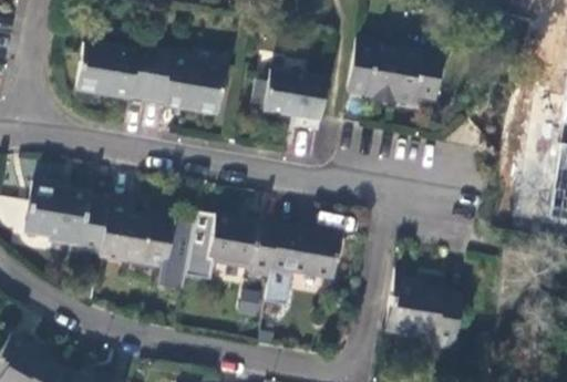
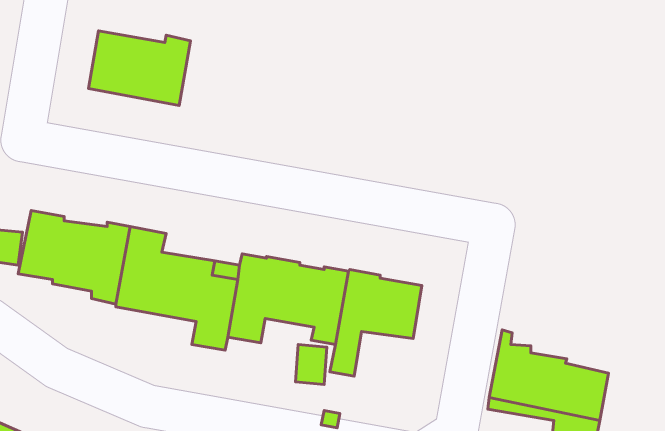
building: [348,40,444,107] -> none
building: [147,52,225,114] -> none
building: [251,75,327,135] -> none

